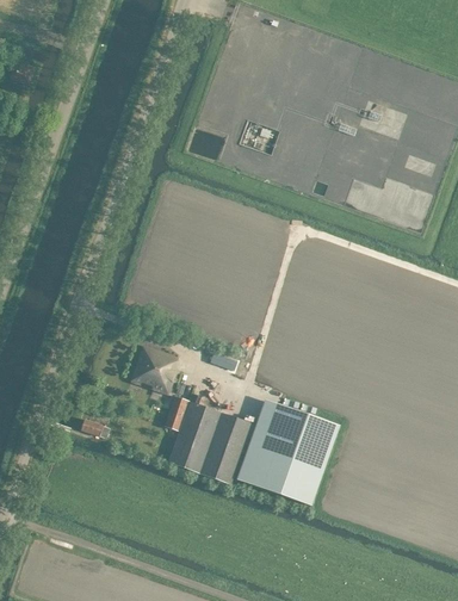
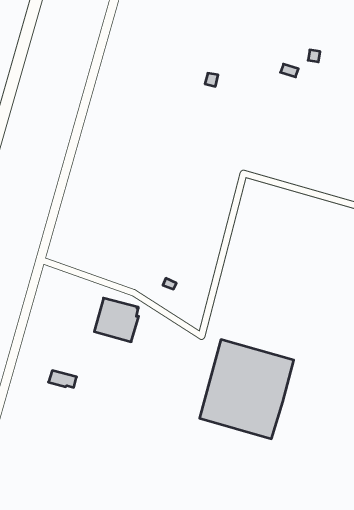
building: [163,395,252,484] -> none

